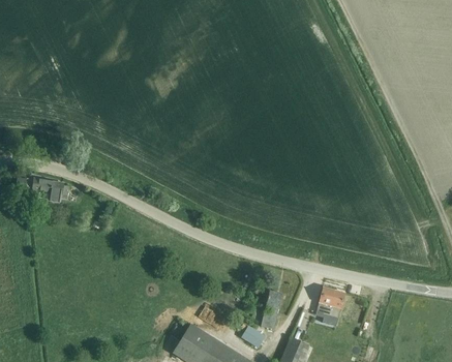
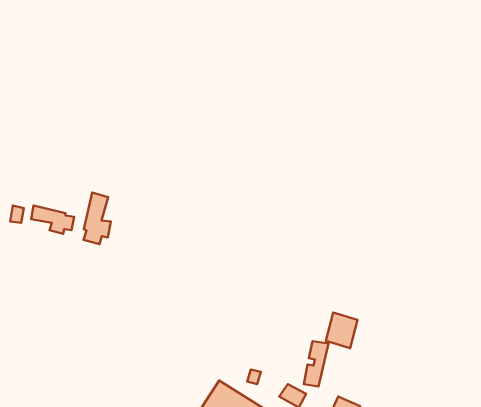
building: none -> [83,193,111,244]
building: [317,288,343,318] -> [326,313,358,348]

